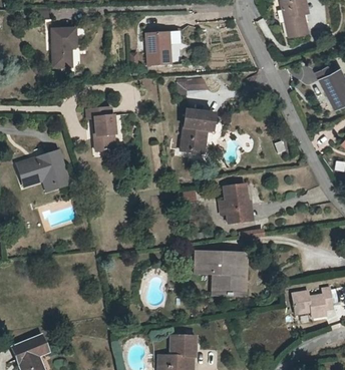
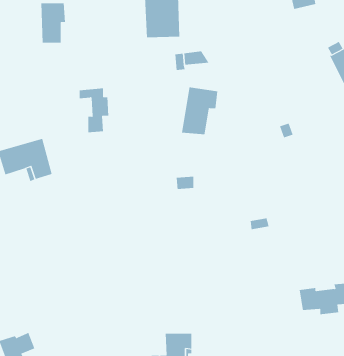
building: [224,182,250,222] -> none
building: [195,253,240,293] -> none

